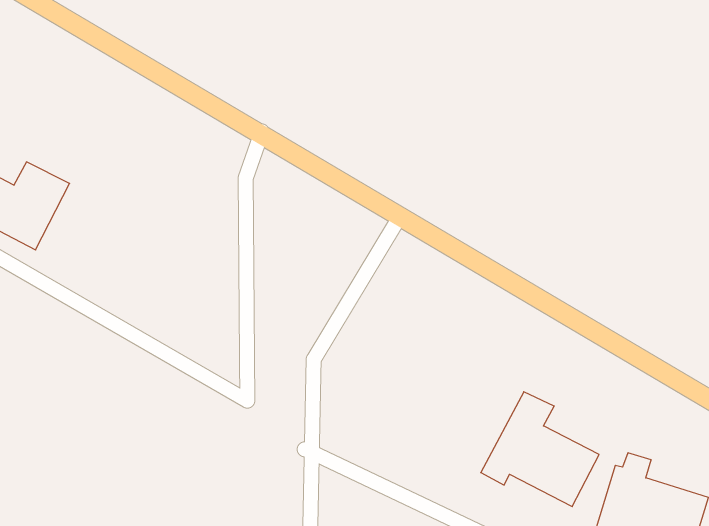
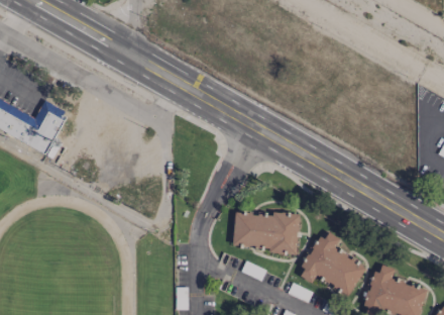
building: none -> [232,211,299,251]

